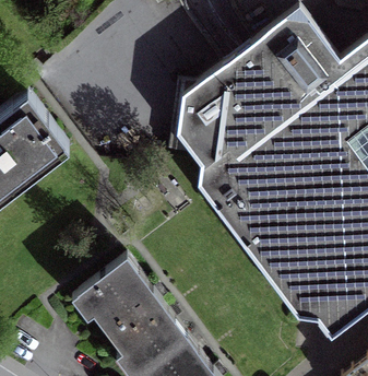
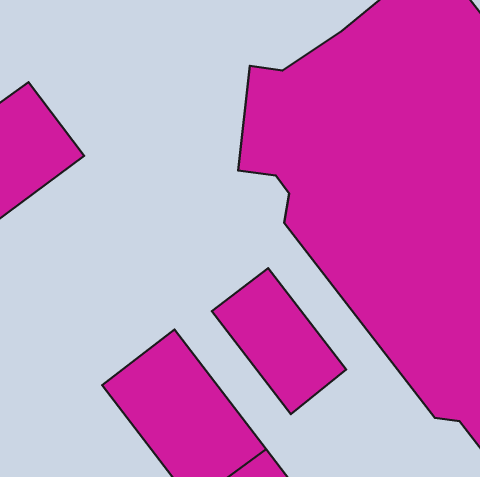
building: none -> [212,268,346,414]

